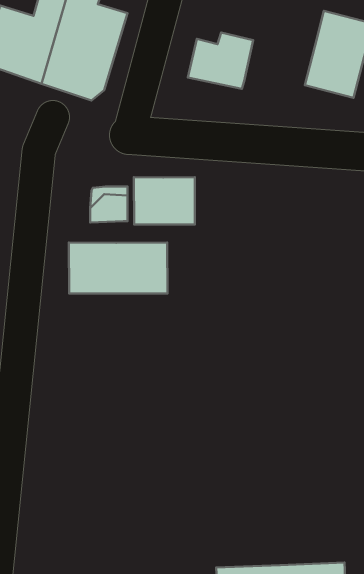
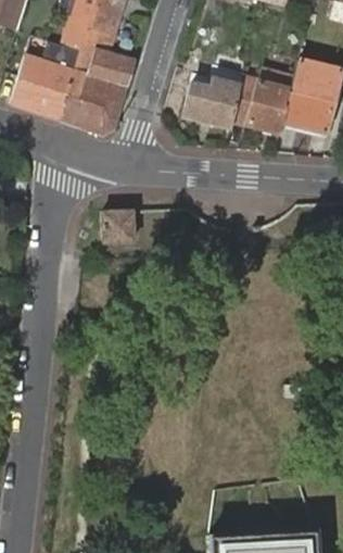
building: none -> [232,76,292,131]
building: [134,177,195,225] -> none
building: [69,243,167,293] -> none

